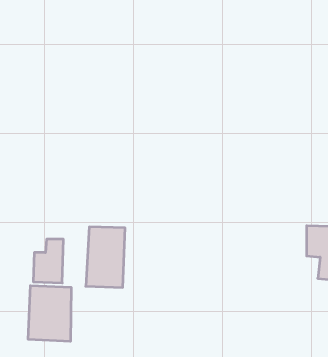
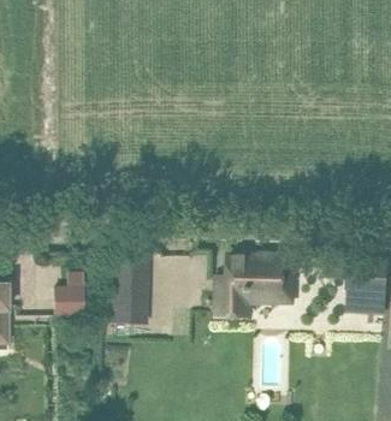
building: none -> [218,256,291,314]
building: [28,286,71,341] -> none

